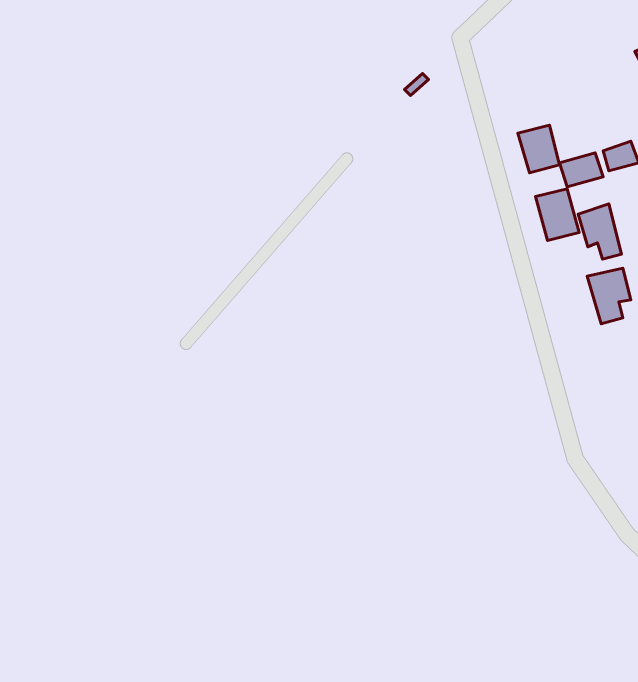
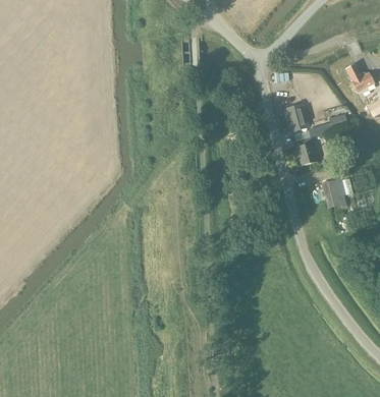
building: [578,204,622,259] -> none

